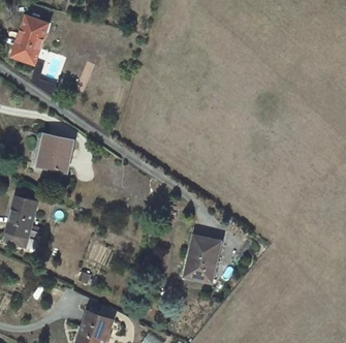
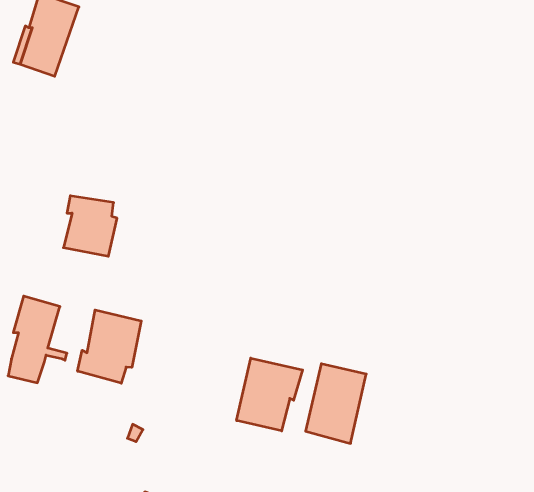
building: none -> [78,310,141,383]
building: none -> [237,358,303,431]

